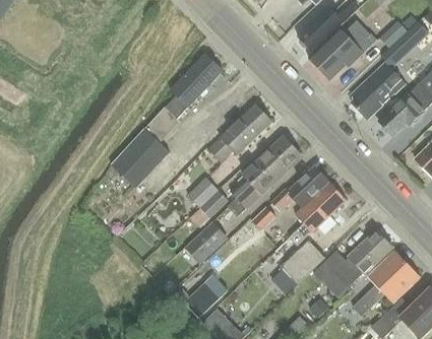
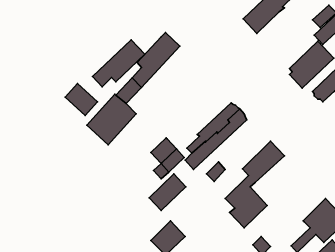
building: [309,21,376,80] -> none
building: [209,104,271,159] -> [93,40,145,87]
building: none -> [65,83,98,116]
building: [271,166,328,208] -> none
building: [313,230,391,287] -> none

